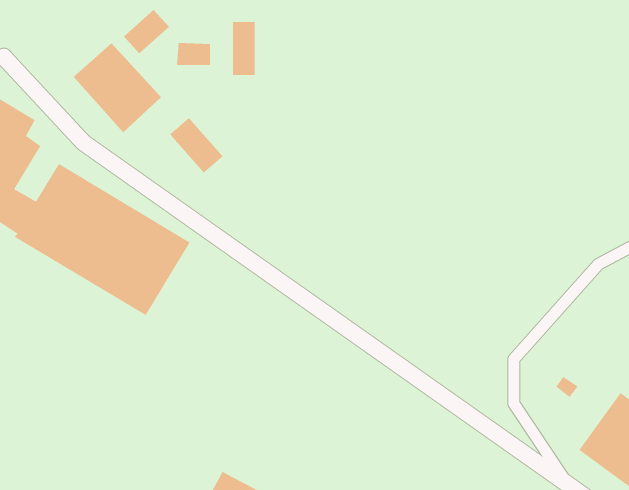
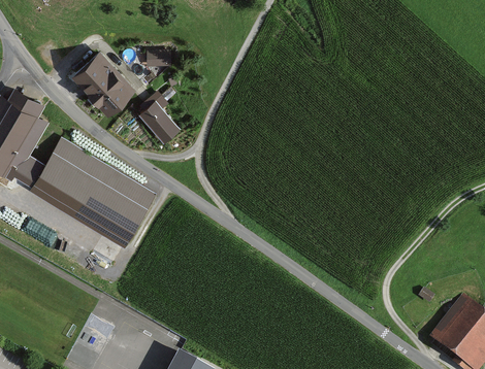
building: [123,9,170,54] -> none
building: [232,21,255,76] -> none

